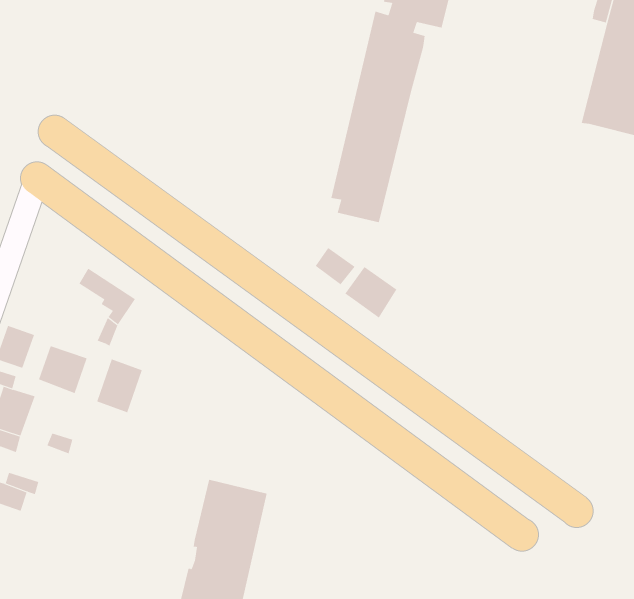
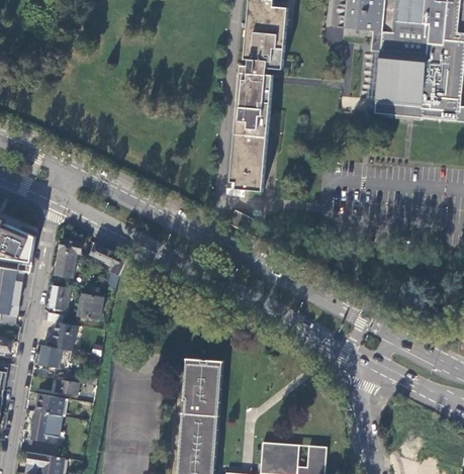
building: none -> [54,238,81,277]
building: [344,266,397,319] -> none
building: [96,358,143,413] -> none

